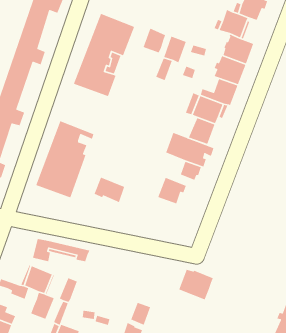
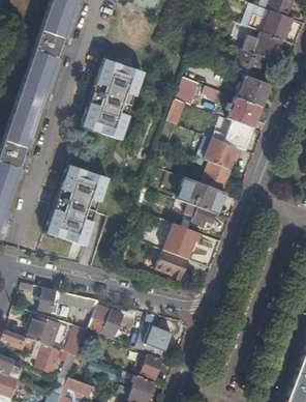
building: [143,27,166,54] -> none
building: [94,176,125,203] -> [156,249,189,277]
building: none -> [89,304,124,337]
building: [178,269,214,301] -> [134,323,172,356]

